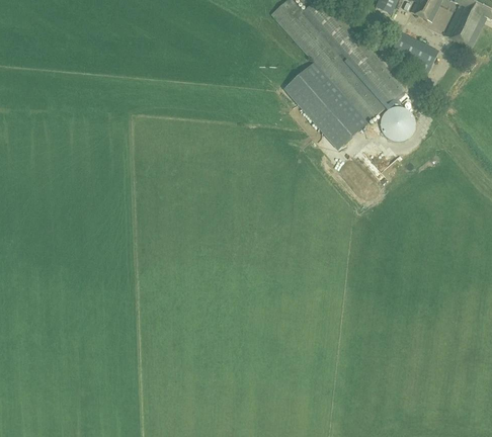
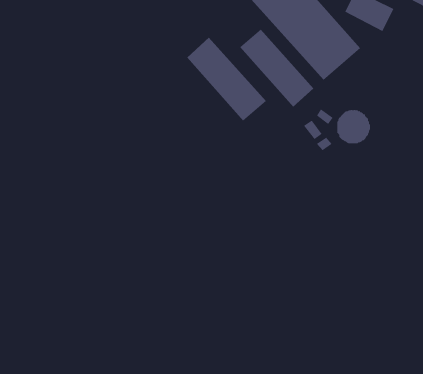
building: none -> [187,37,267,122]
building: [382,106,416,141] -> [337,110,371,144]

